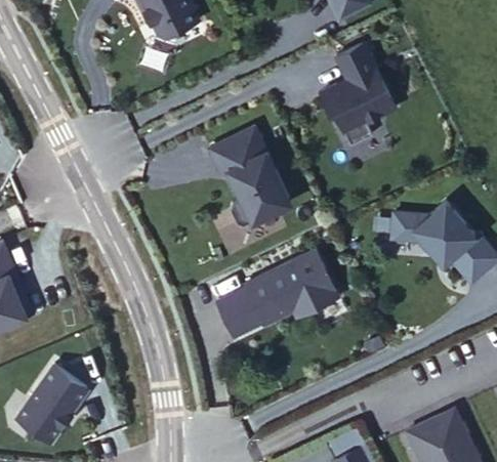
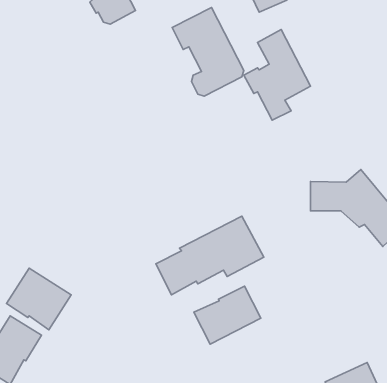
building: [211,128,291,227] -> [172,7,244,96]
building: none -> [7,268,71,330]
building: none -> [194,286,261,344]

